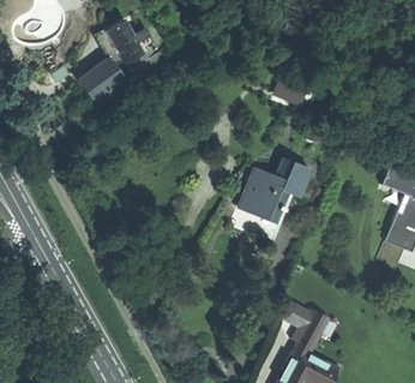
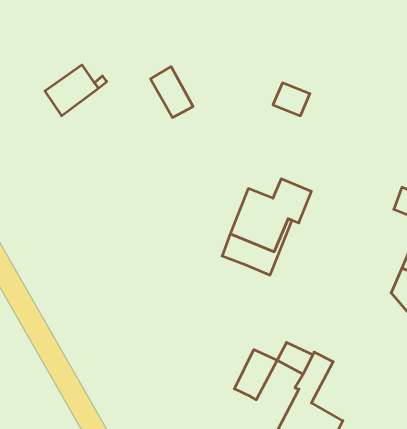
building: [104,18,142,62] -> [151,67,193,117]
building: none -> [234,350,277,400]

